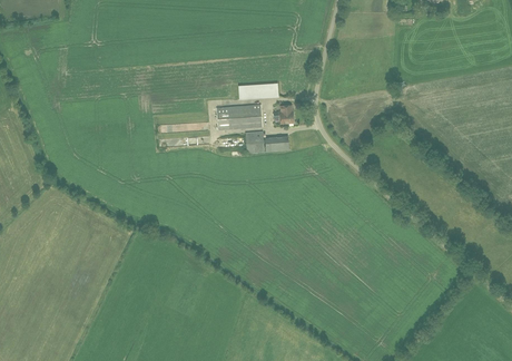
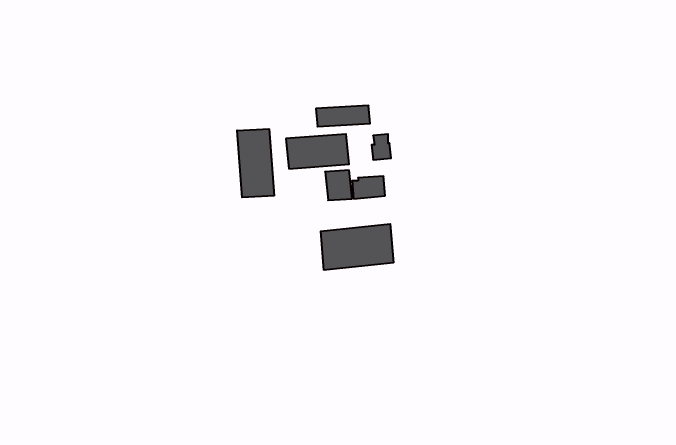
building: none -> [237,129,274,197]
building: none -> [321,224,393,270]

